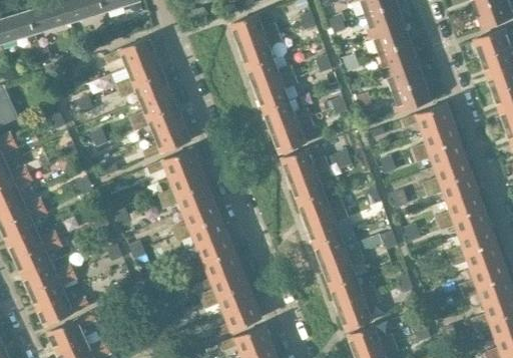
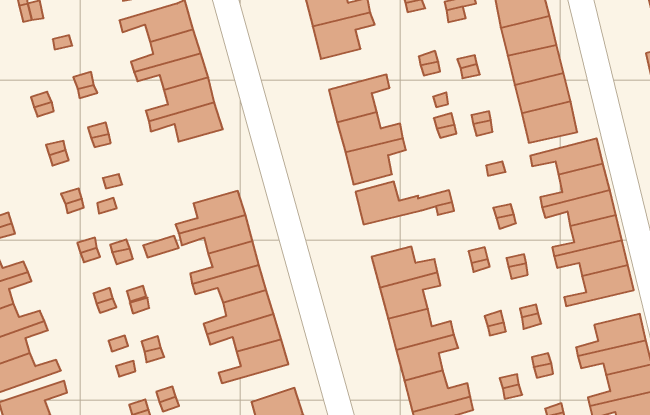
building: [247,58,295,89] -> none
building: [143,124,191,158] -> none
building: [147,148,199,178] -> none
building: [290,166,333,203] -> none
building: [437,207,489,234] -> none
building: [202,284,253,313] -> none

